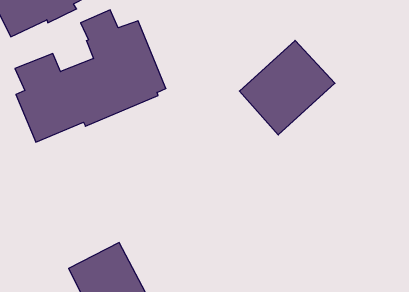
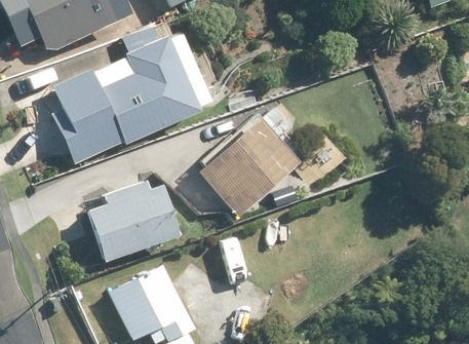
building: [239,40,335,135] -> [199,119,298,217]
building: none -> [93,180,181,260]

